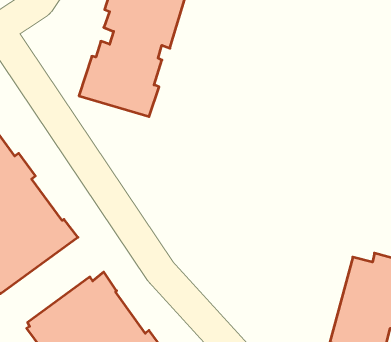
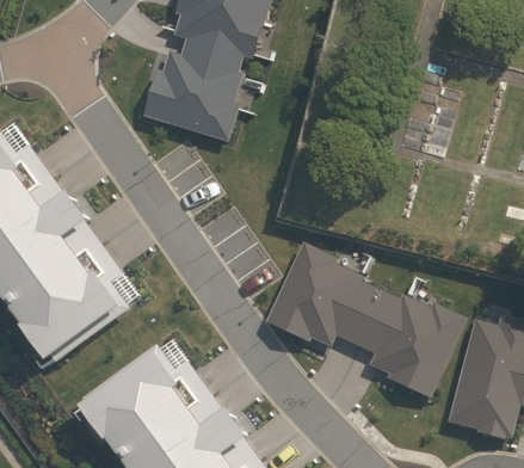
building: none -> [261,240,464,396]

